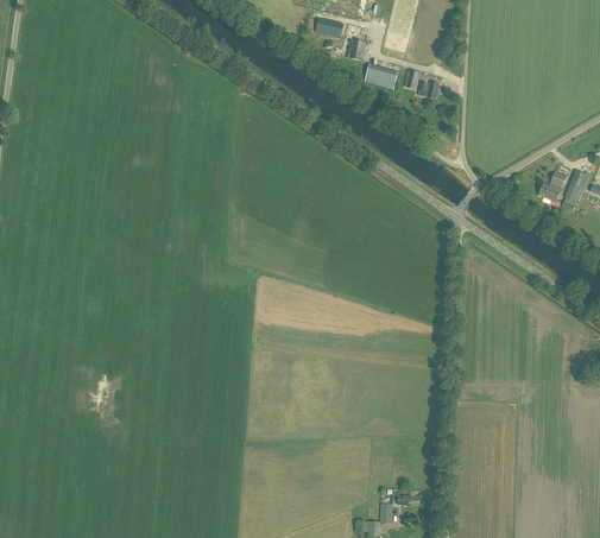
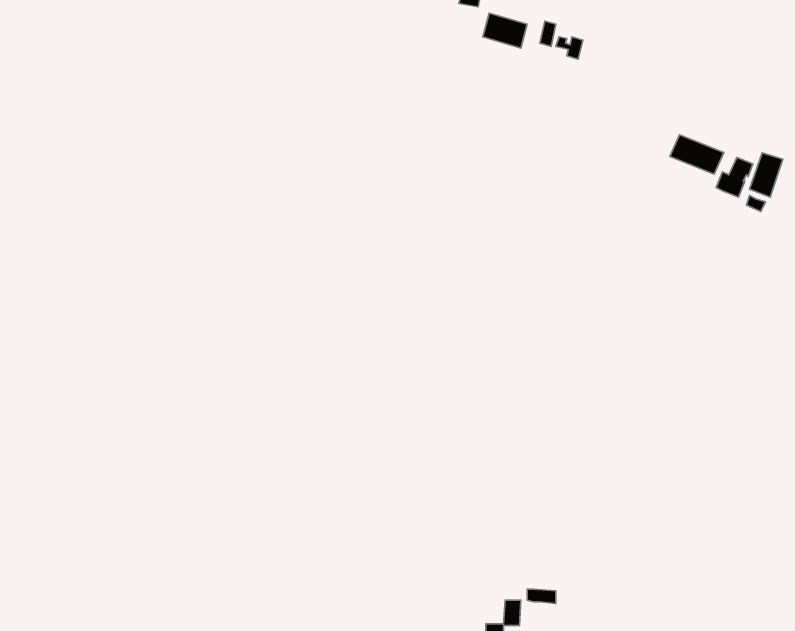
building: none -> [670,135,724,174]

